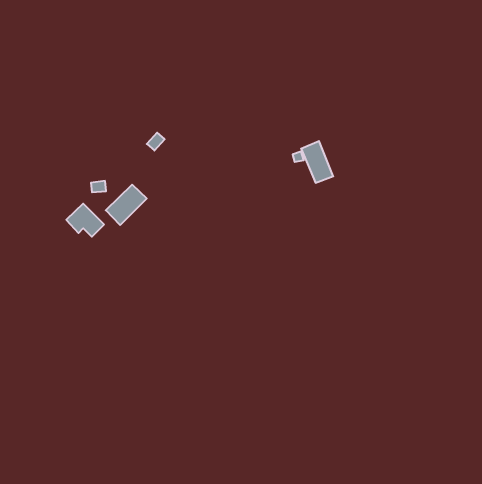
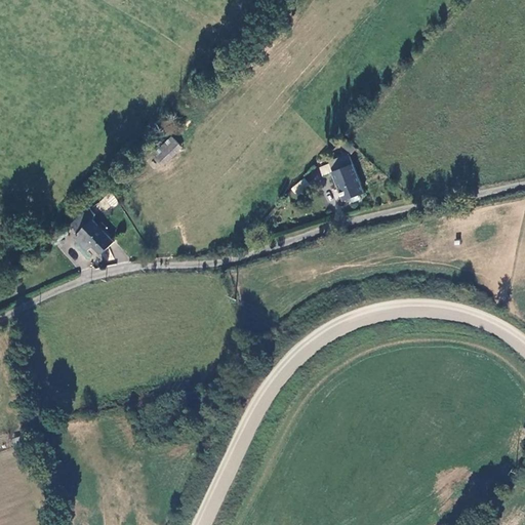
building: [106,185,147,225] -> none

